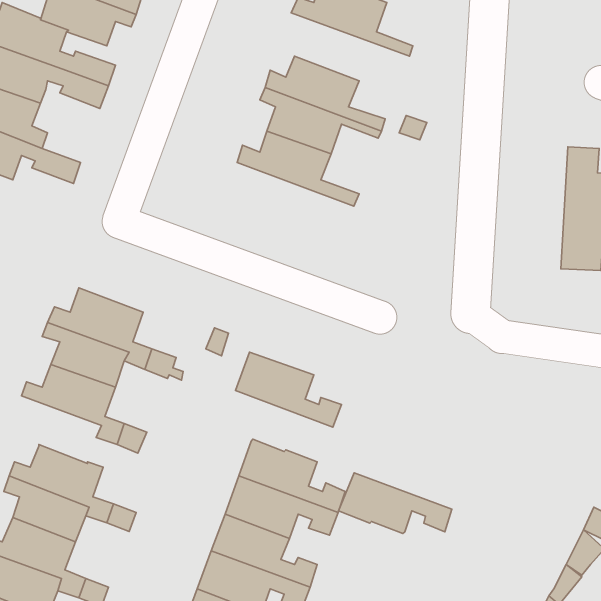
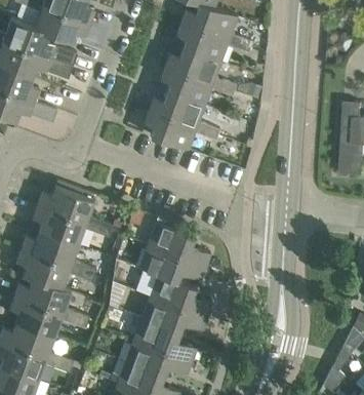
building: none -> [177,23,249,63]
building: none -> [145,111,216,150]
building: none -> [17,248,68,288]
building: [339,473,452,534] -> [137,245,204,281]

